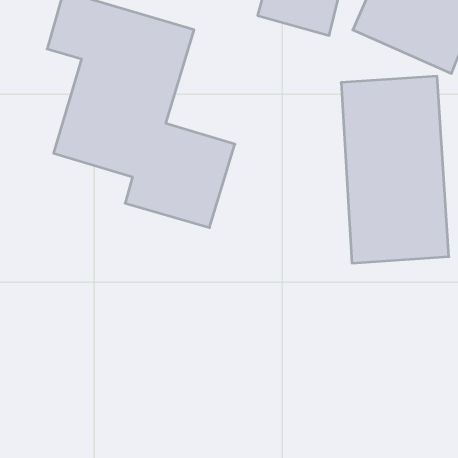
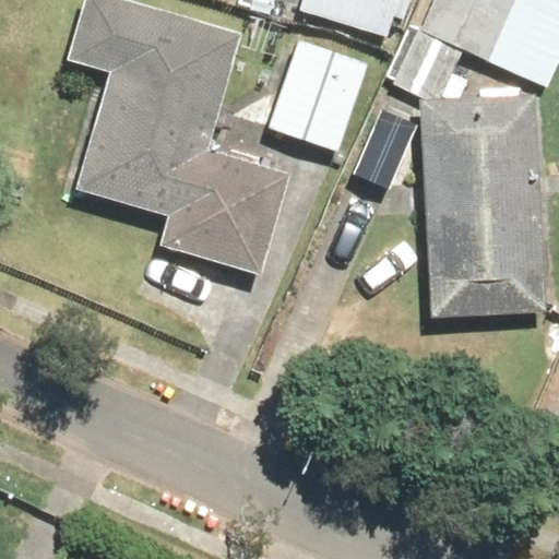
building: none -> [275,38,386,150]

